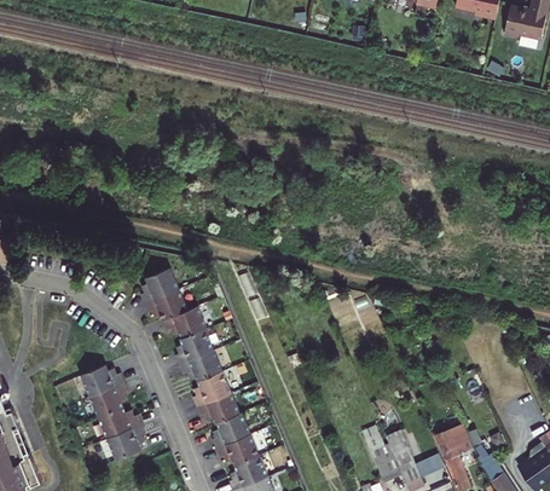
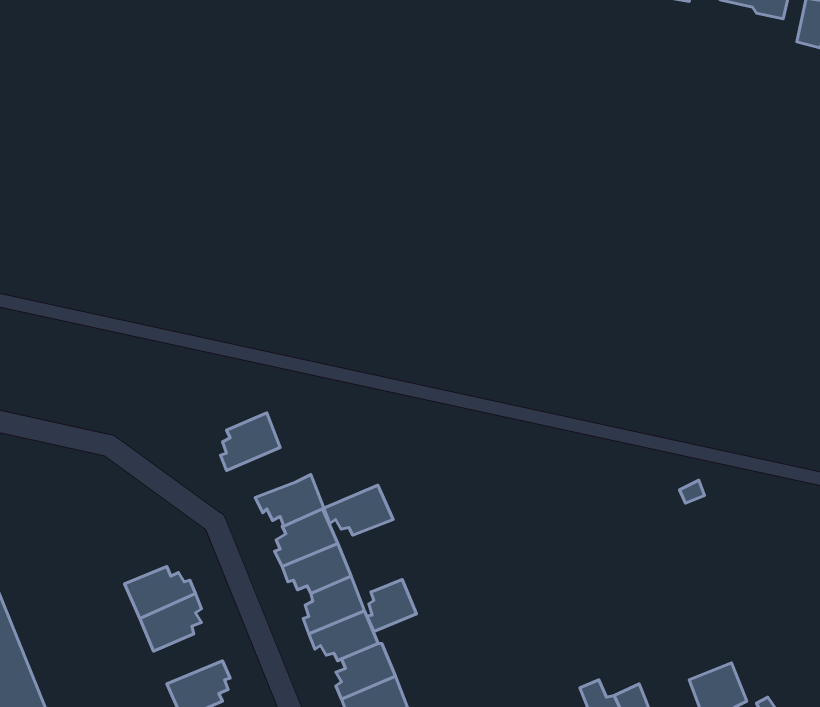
building: [144,289,187,320] -> [324,485,393,535]
building: none -> [367,579,417,632]
building: [98,406,141,438] -> none

